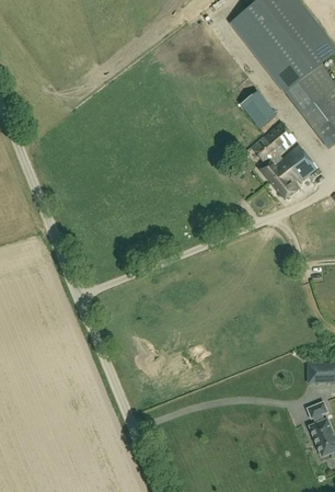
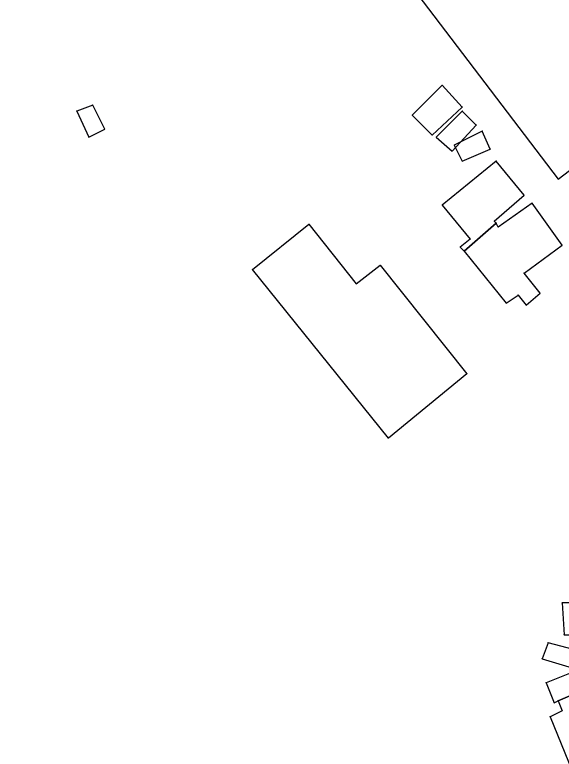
building: none -> [252,224,467,438]

